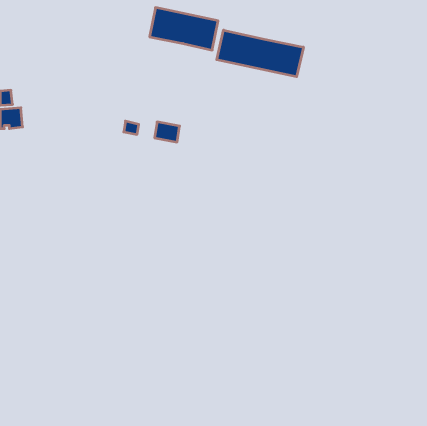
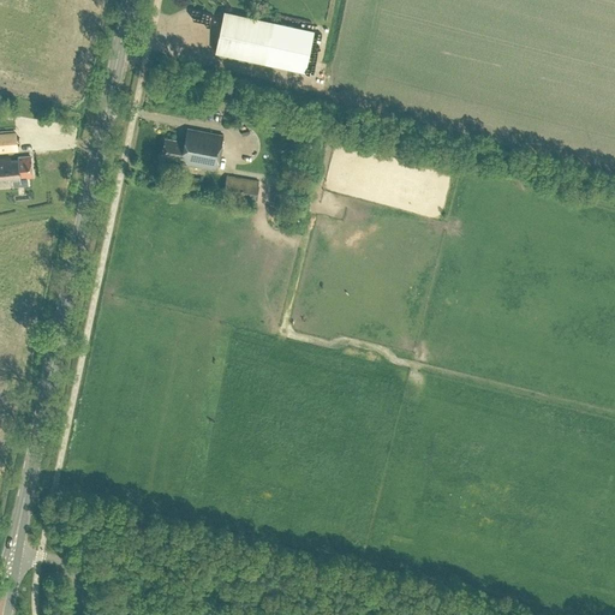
building: [217,30,303,77] -> none
building: none -> [161,130,222,171]

